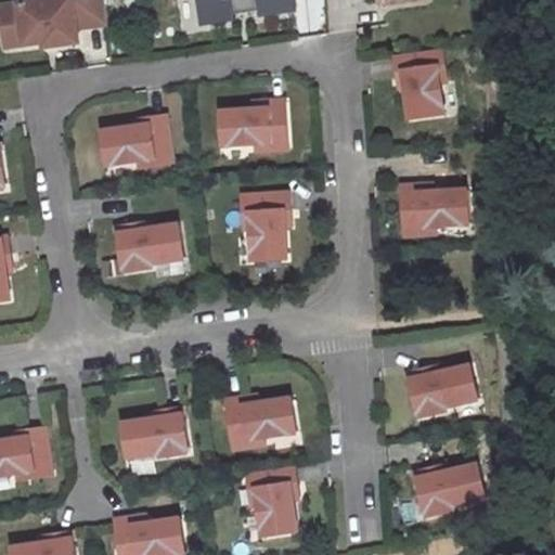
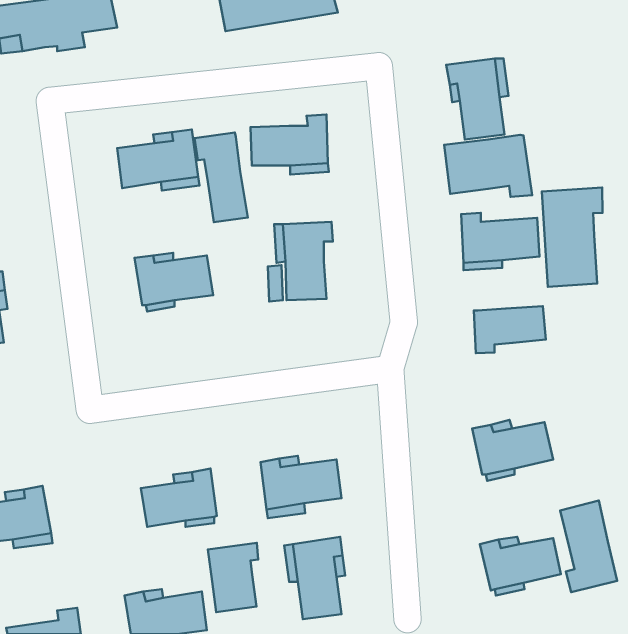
building: none -> [194,133,248,222]
building: none -> [444,135,532,197]
building: none -> [542,188,602,287]
building: none -> [474,306,546,353]
building: none -> [560,500,617,592]
building: none -> [208,543,258,612]

